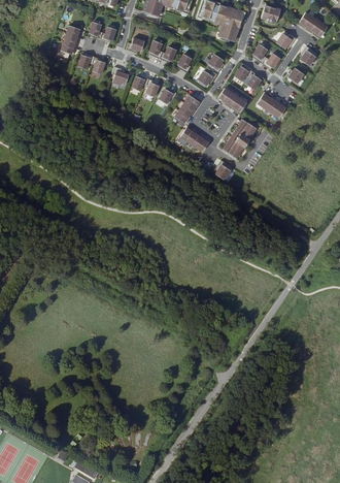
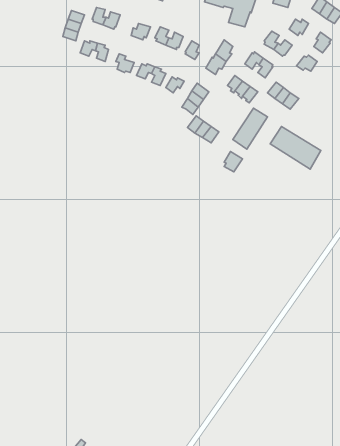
building: none -> [270,127,321,169]

